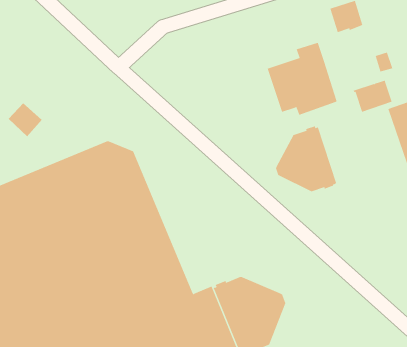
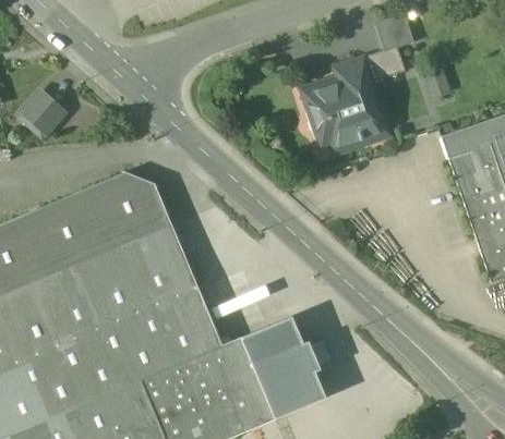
building: [353,80,393,112] -> [360,46,405,83]
building: [8,103,43,137] -> [23,93,62,132]
building: [275,126,337,192] -> none

